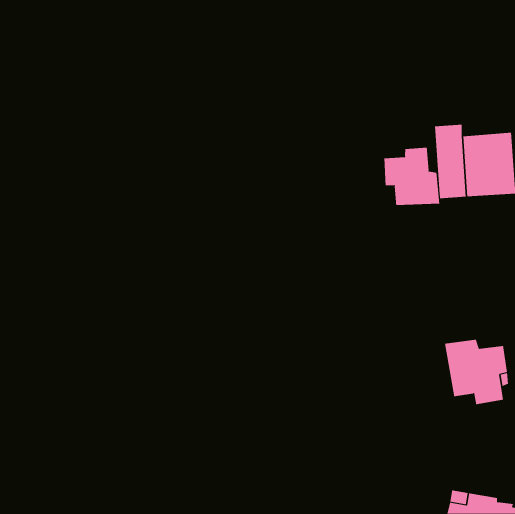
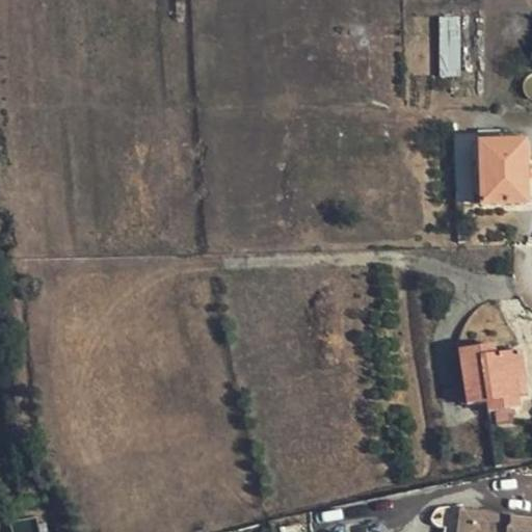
building: none -> [442,14,463,74]
building: [384,147,440,206] -> none

